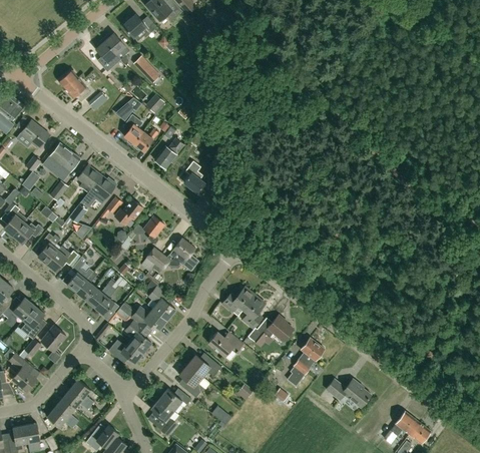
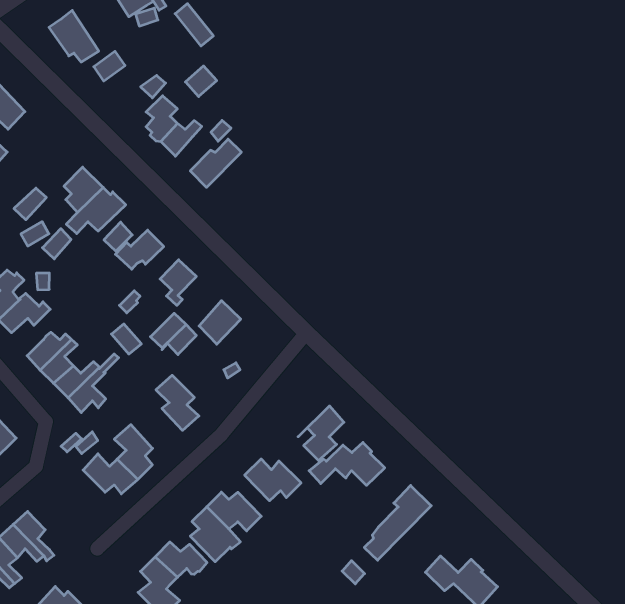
building: [43,143,80,180] -> none
building: [183,161,205,193] -> none
building: [222,287,256,316] -> none
building: [132,308,167,333] -> none

